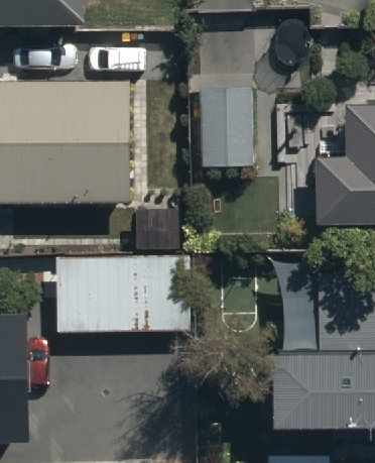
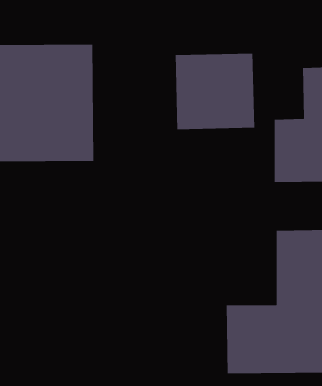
building: [57,261,190,334] -> none

